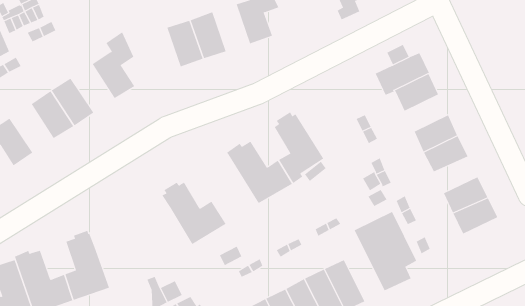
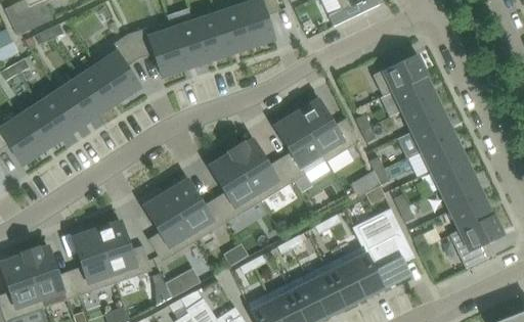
building: none -> [216,7,252,53]
building: none -> [128,28,184,76]
building: none -> [78,65,120,112]
building: none -> [402,95,445,131]
building: none -> [297,98,359,162]
building: none -> [18,104,60,151]
building: none -> [210,153,260,221]
building: none -> [431,155,474,191]
building: none -> [144,193,195,262]
building: none -> [450,214,505,268]
building: none -> [96,221,152,283]
building: none -> [344,245,383,296]

